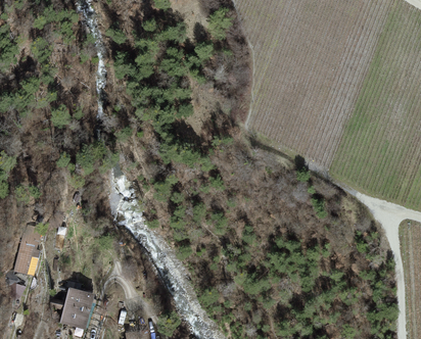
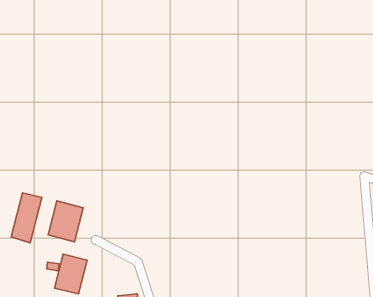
building: none -> [48,201,83,242]

